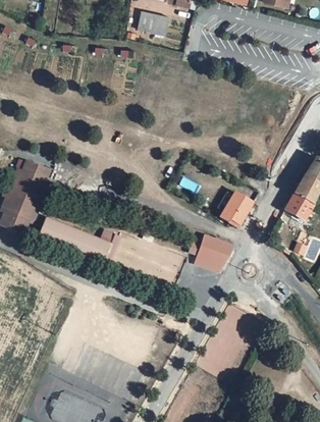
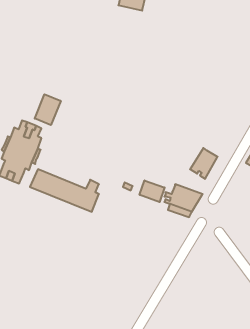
building: none -> [35,94,61,125]
building: none -> [140,180,165,202]

